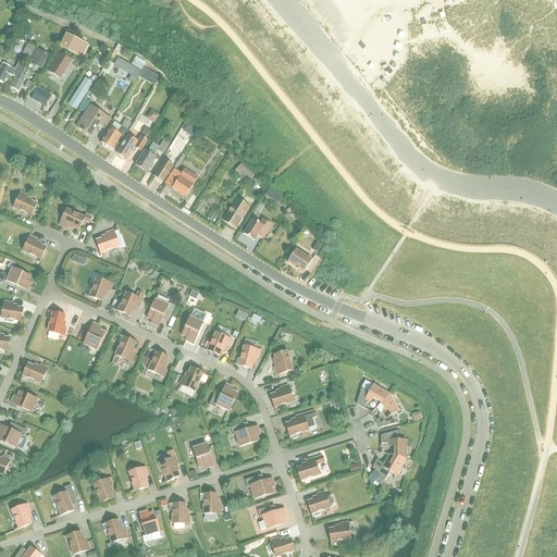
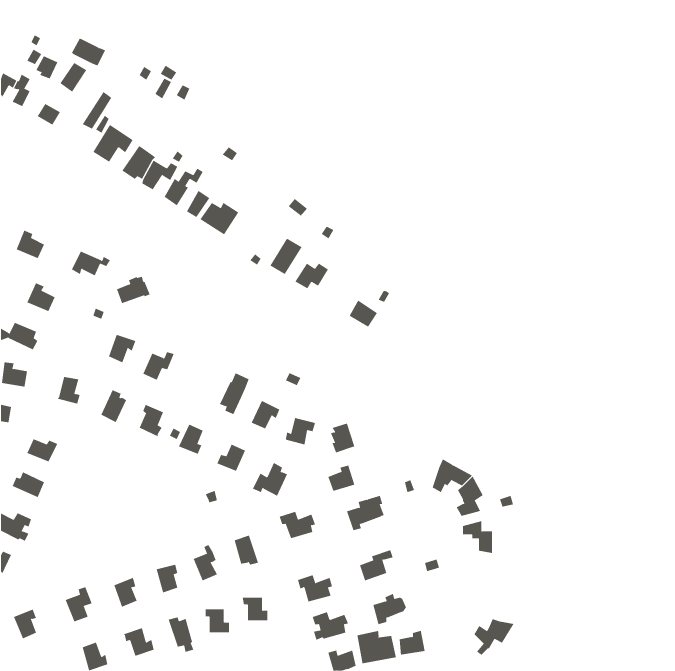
building: [146,297,175,324] -> none
building: [372,451,406,482] -> [474,618,515,655]
building: none -> [357,630,397,664]

